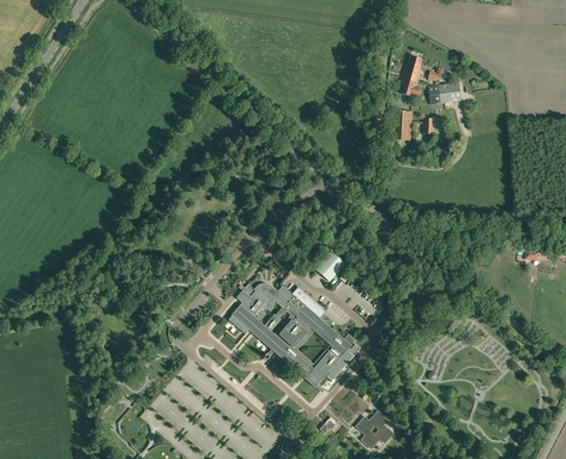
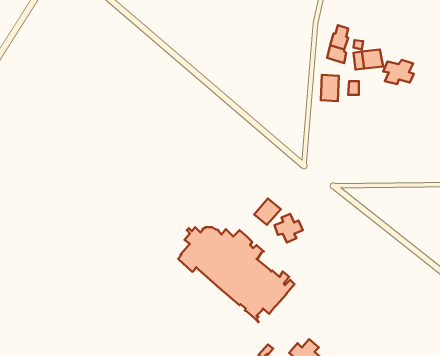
building: none -> [383,60,414,84]
building: none -> [274,214,303,242]

